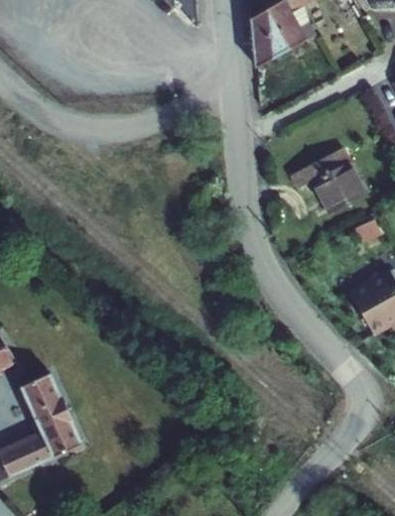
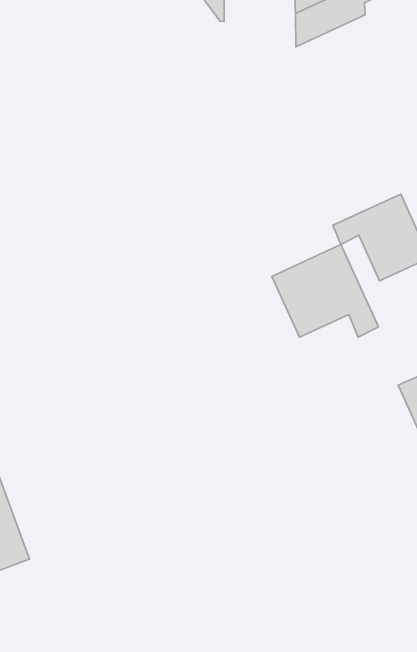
building: [253,14,315,67] -> none
building: none -> [272,244,378,337]

